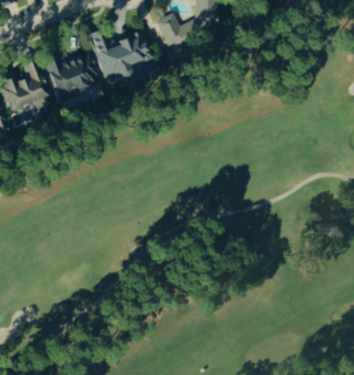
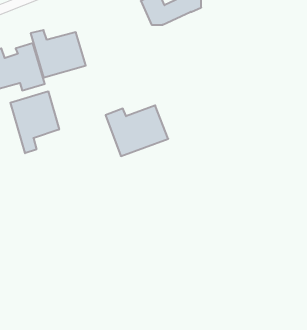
building: [91,30,155,81] -> [106,105,168,156]
building: none -> [10,91,59,153]

